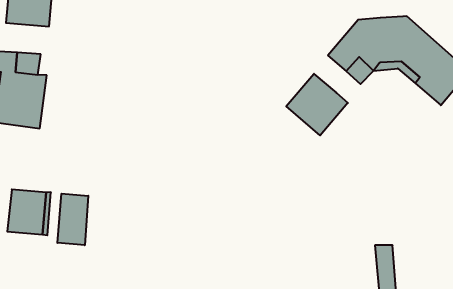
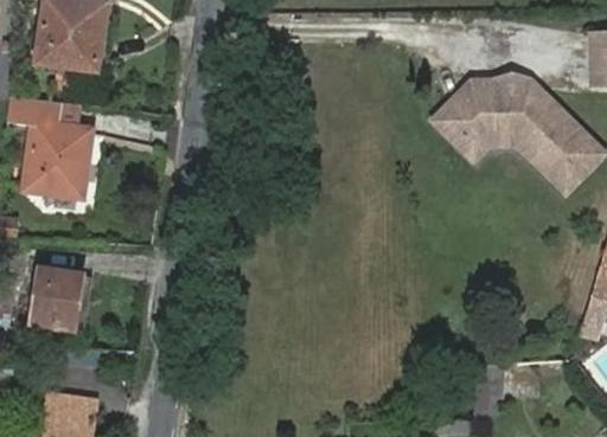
building: [286,74,348,135] -> none
building: [57,194,88,245] -> none

